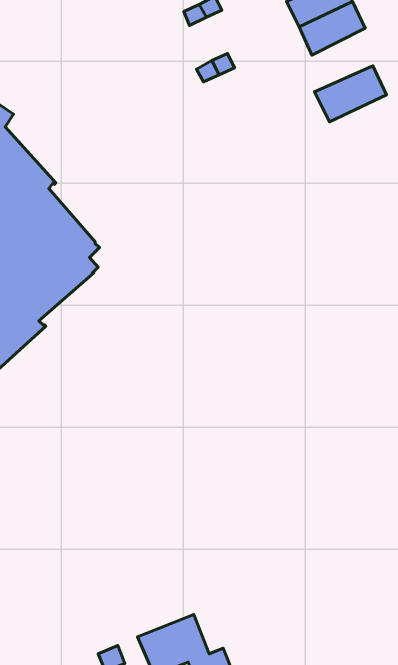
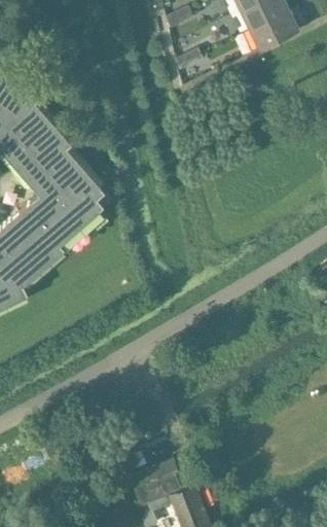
building: [315,66,387,122] -> none

